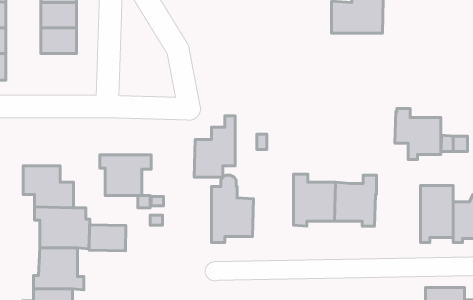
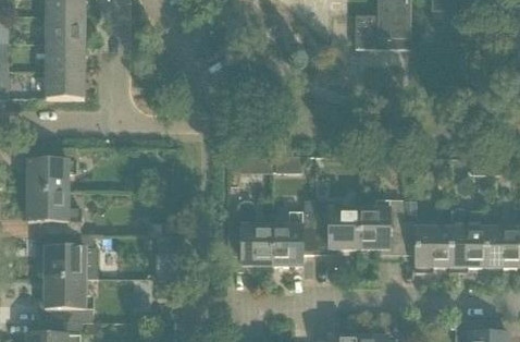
building: none -> [46,71,84,99]
building: [395,108,441,160] -> [400,218,449,272]
building: [194,116,235,177] -> [271,200,314,266]
building: [100,155,151,196] -> [22,147,76,191]
building: [89,225,126,251] -> none

